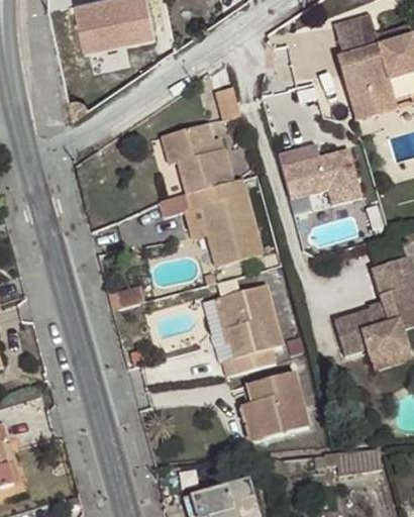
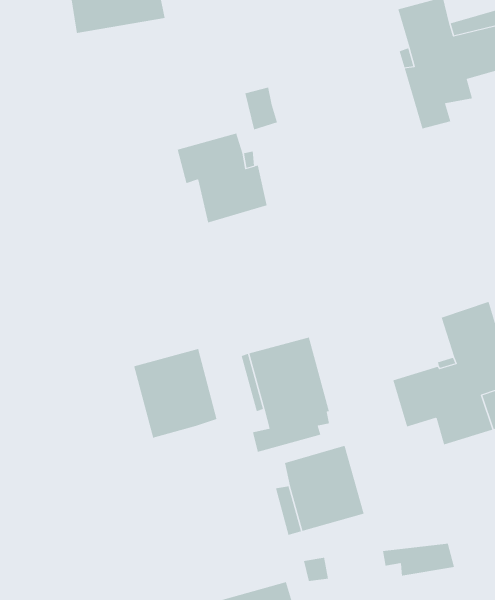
building: [279,143,358,202] -> none
building: [185,175,263,267] -> none
building: none -> [134,348,217,438]

